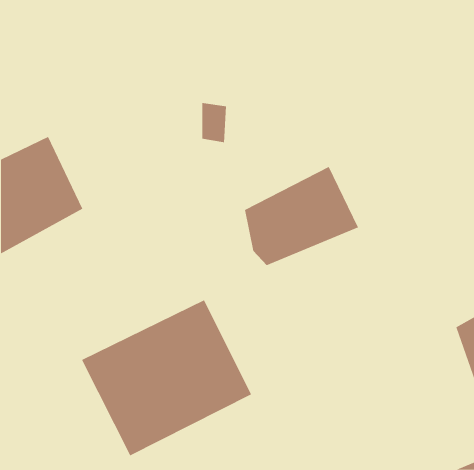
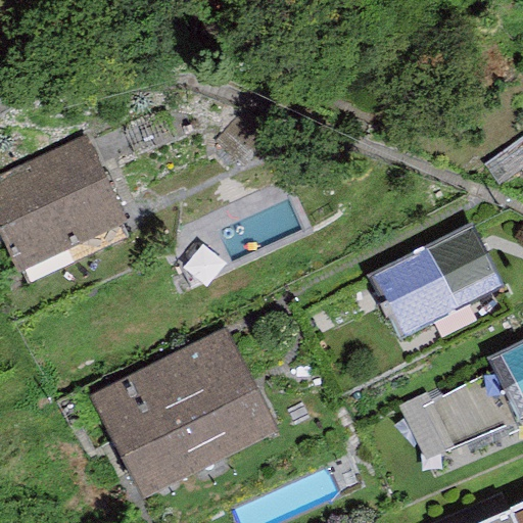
building: [244,166,359,266] -> [376,224,502,333]
building: none -> [417,370,514,440]

